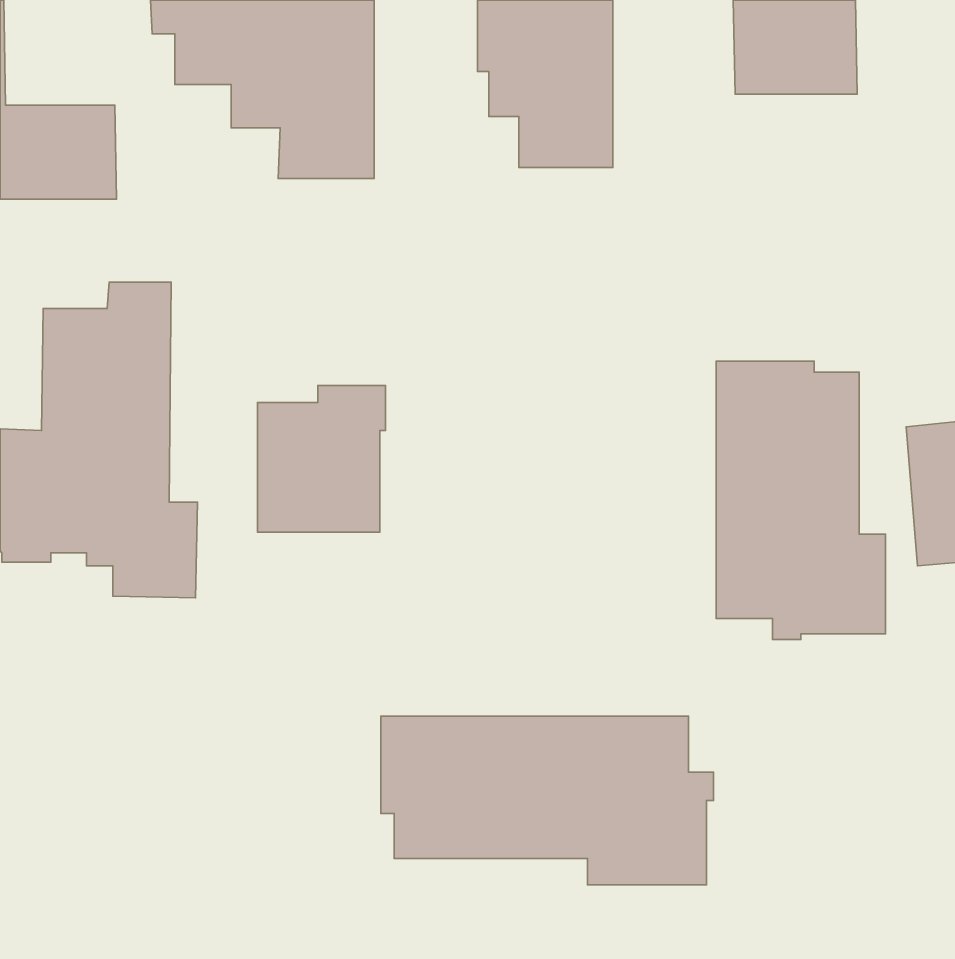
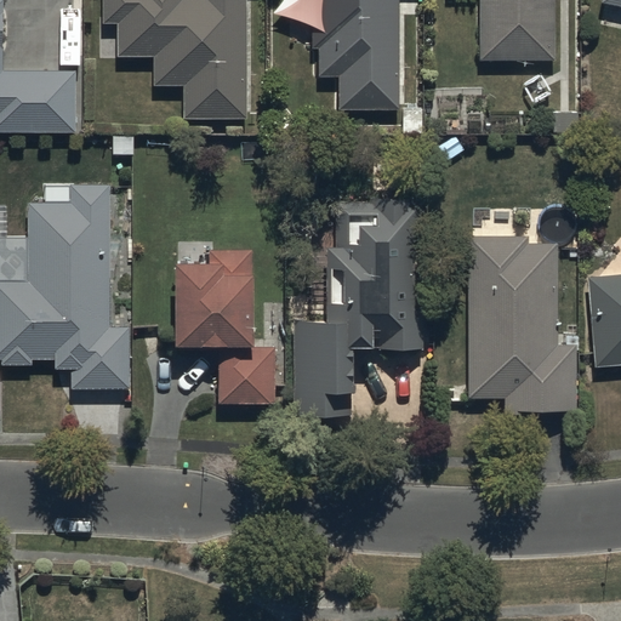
building: none -> [292,199,421,416]
building: none -> [217,344,275,403]
building: [381,716,713,885] -> none

